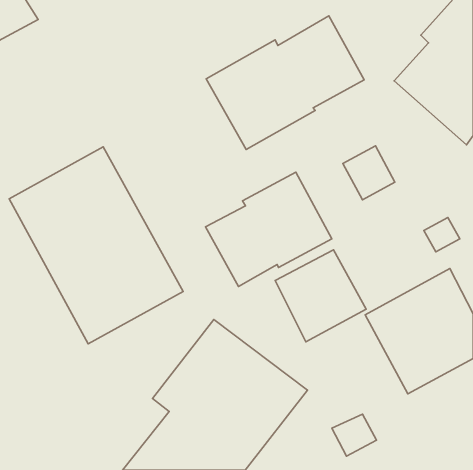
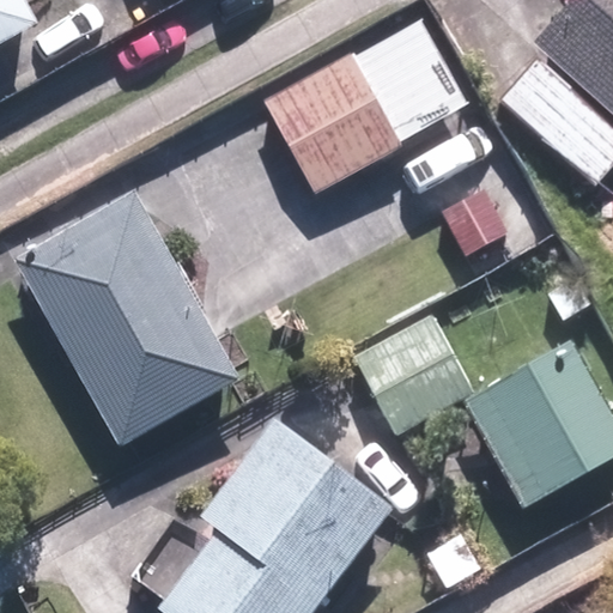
building: [205,172,332,286] -> none

